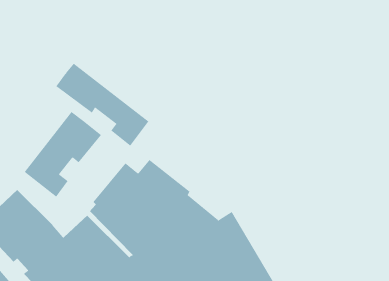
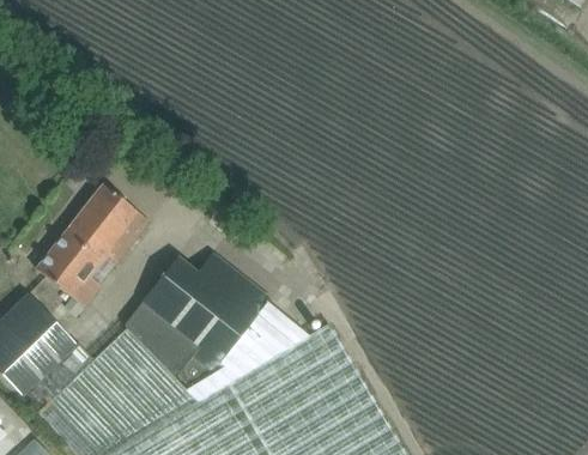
building: [56,63,149,146] -> none

